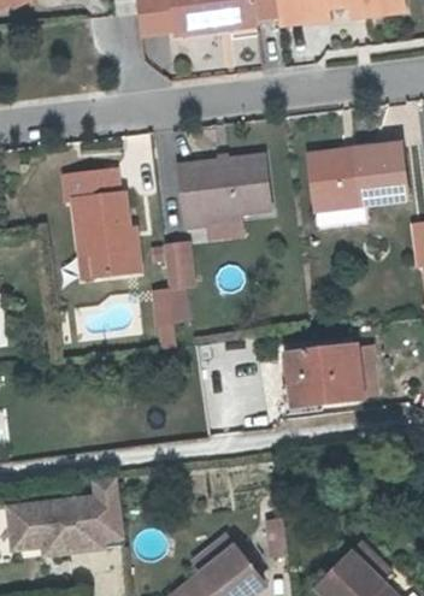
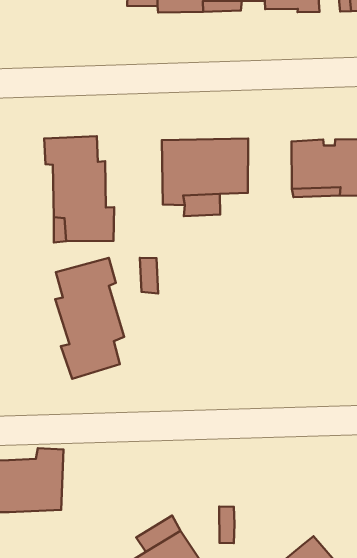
building: [165,238,196,283] -> none
building: none -> [55,258,124,379]
building: [287,338,375,397] -> none

